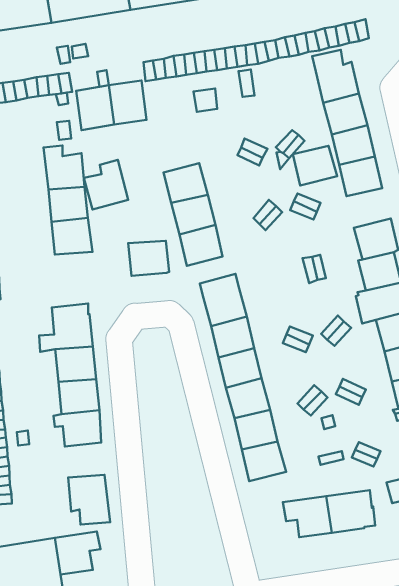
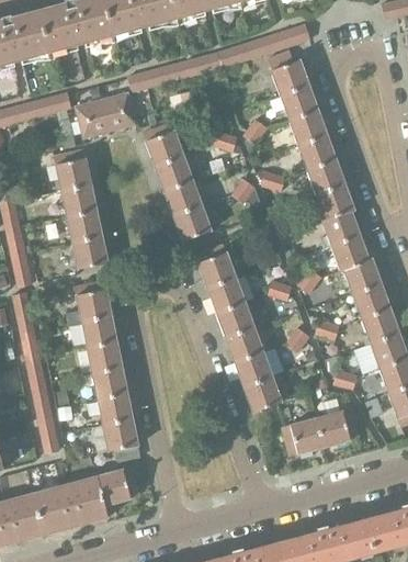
building: [293,146,337,186] -> [307,159,345,194]
building: [84,160,128,209] -> [145,123,183,166]
building: [128,241,169,276] -> [72,237,109,269]
building: none -> [98,393,133,425]

